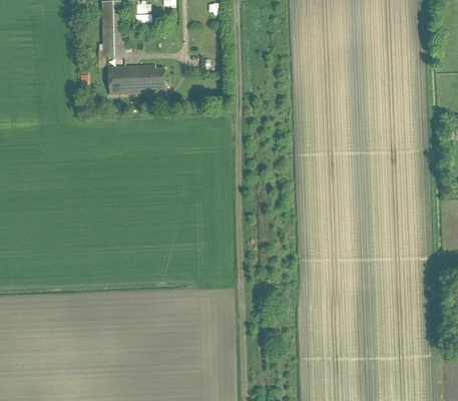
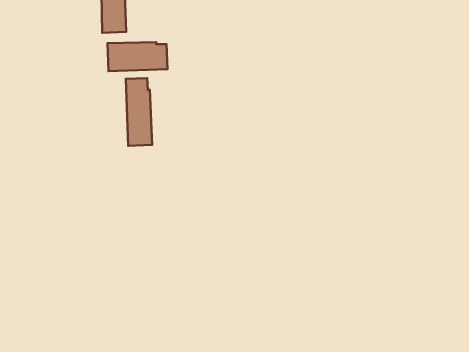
building: none -> [126,78,152,146]

